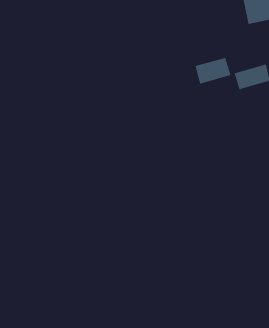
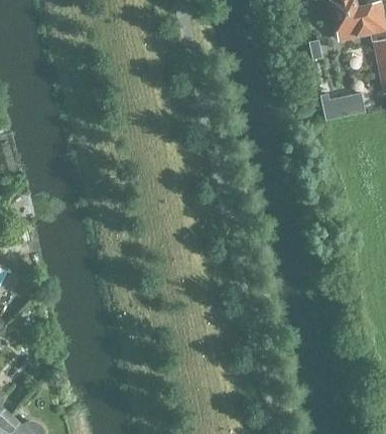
building: [195,57,231,84] -> none

